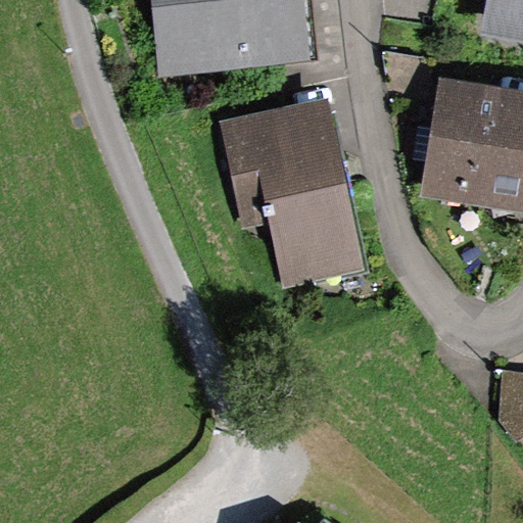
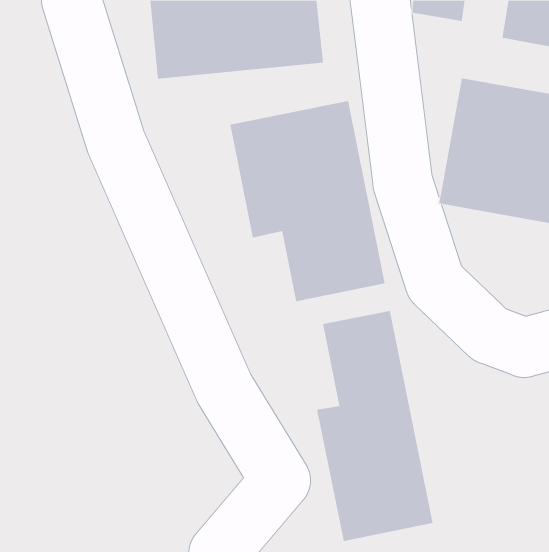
building: none -> [317,310,433,542]

